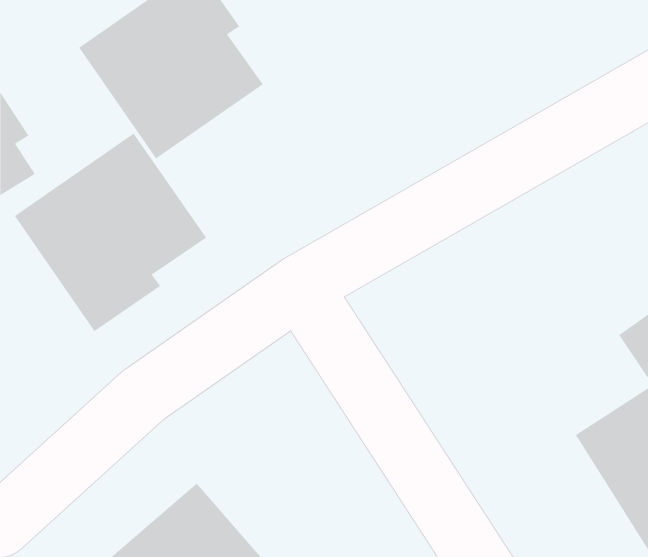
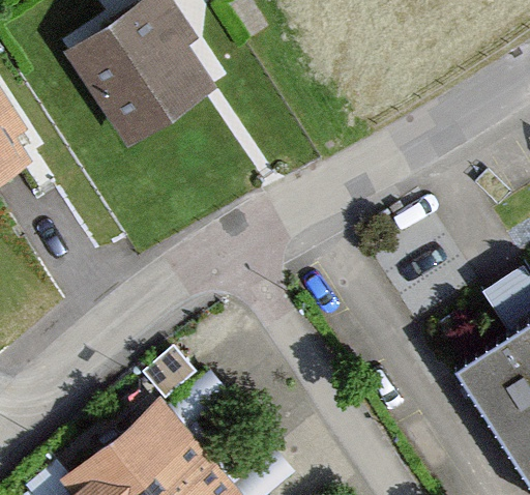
building: [14,132,207,332] -> none

